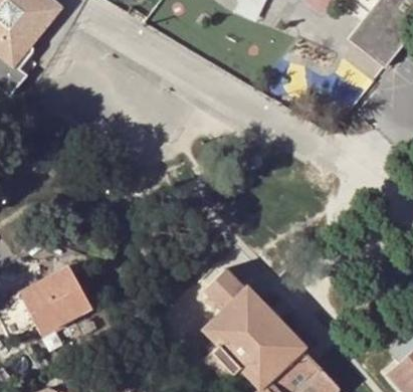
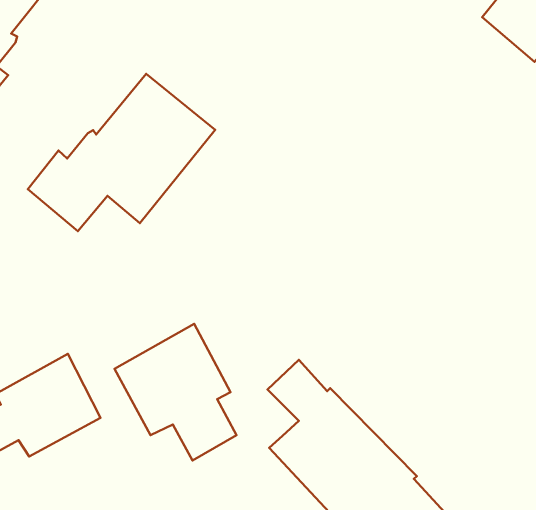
building: none -> [28,74,215,231]
building: none -> [115,324,237,460]

